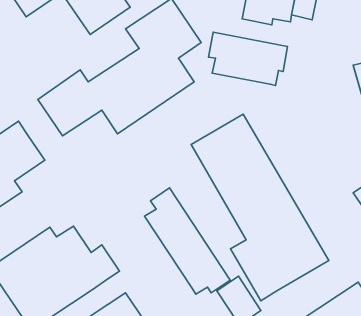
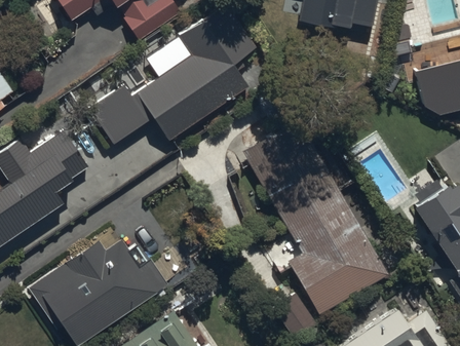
building: [209,32,288,85] -> none
building: [145,188,230,294] -> none

